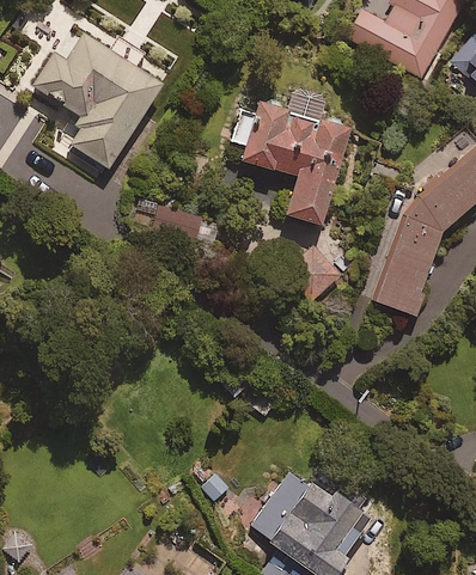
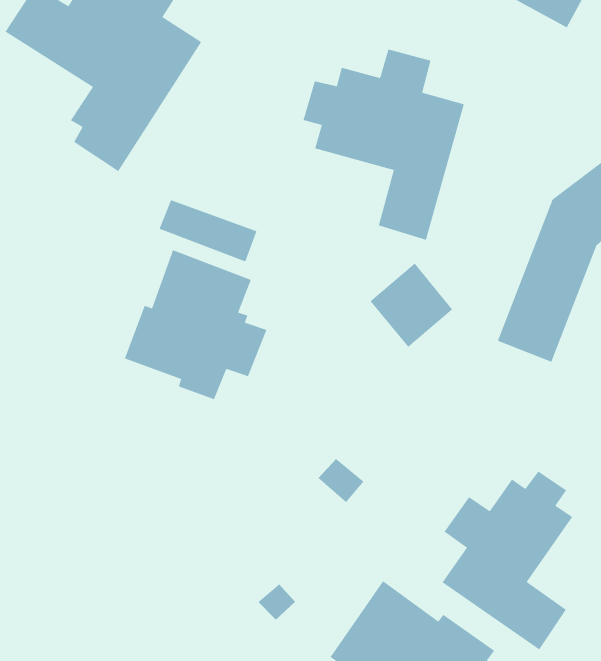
building: none -> [124,249,267,400]
building: none -> [442,471,573,651]

